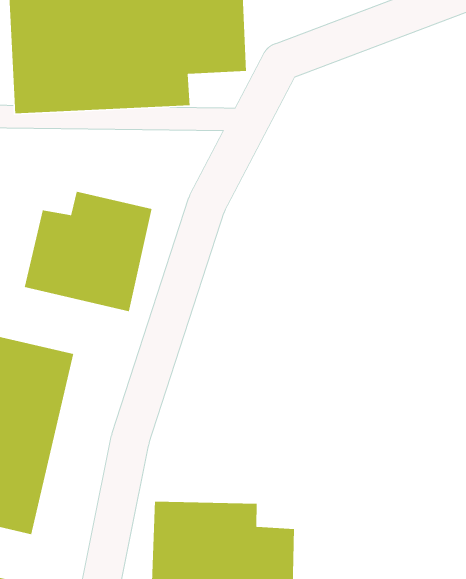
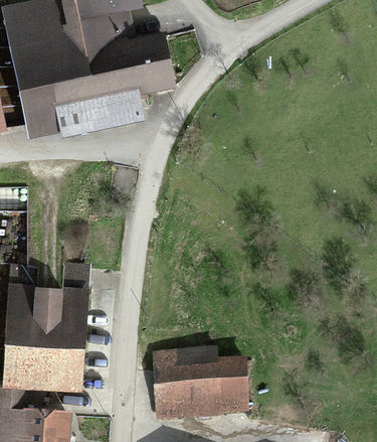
building: [24,191,153,312] -> none

